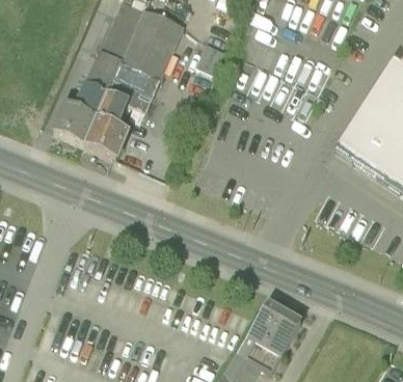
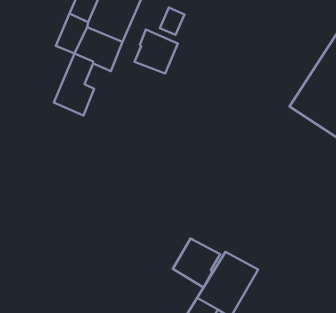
building: none -> [135,29,178,74]
building: [55,82,108,142] -> none
building: none -> [173,238,220,287]

